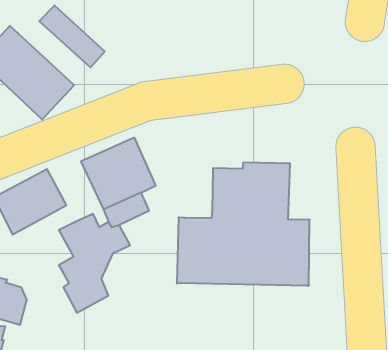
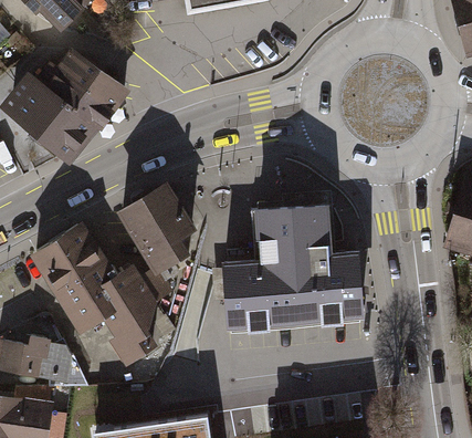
building: none -> [35,62,114,131]
building: none -> [49,255,114,334]

